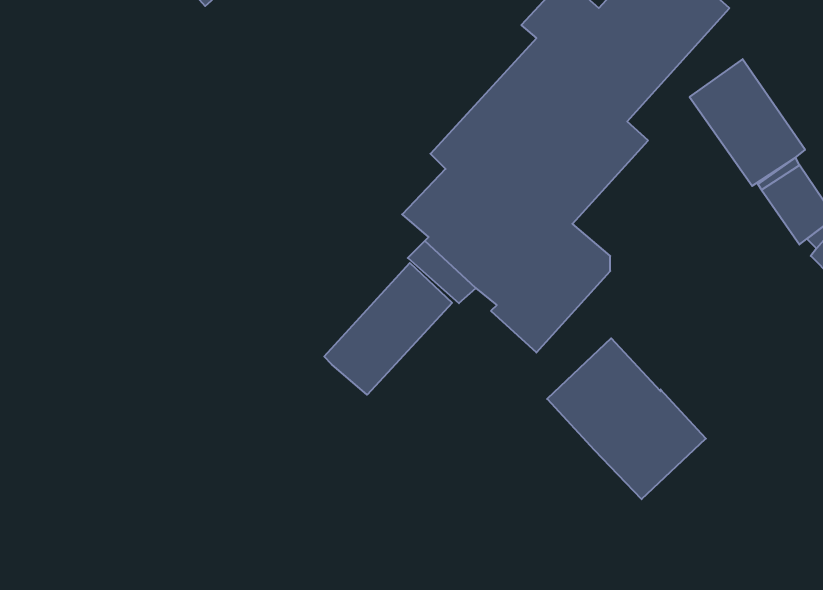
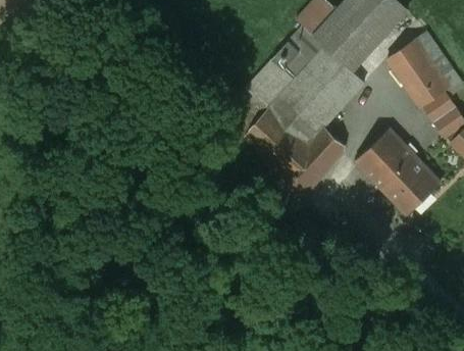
building: [324,263,452,395] -> none
building: [547,338,706,499] -> [355,129,441,215]

